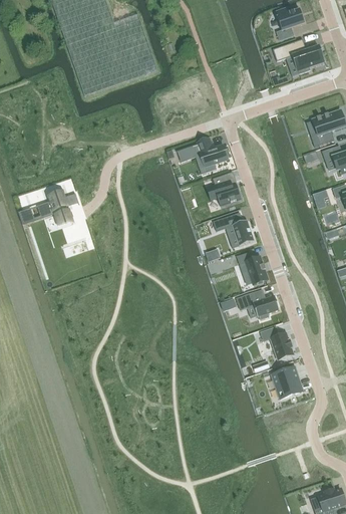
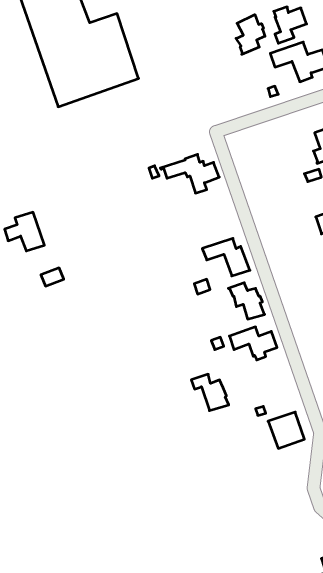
building: none -> [236,15,265,54]
building: [206,174,241,205] -> none
building: [262,327,295,359] -> [191,374,229,411]

